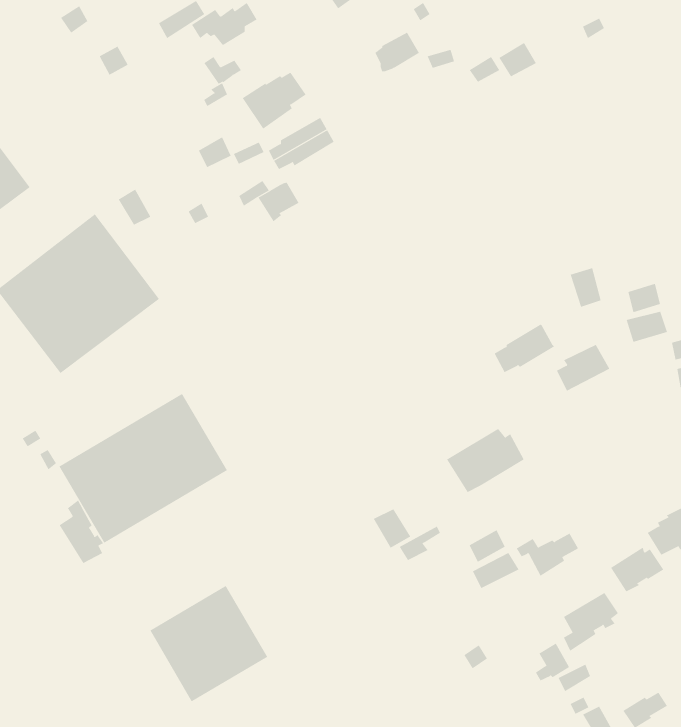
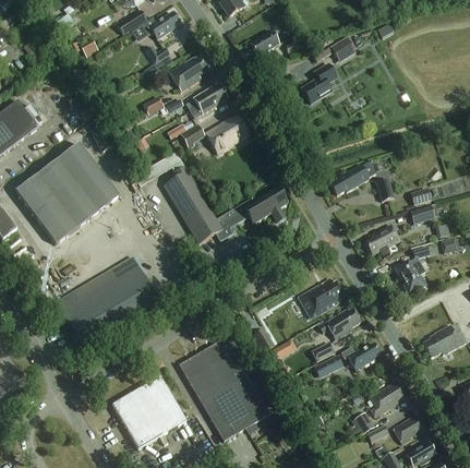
building: none -> [301,63,336,103]
building: none -> [205,115,248,153]
building: none -> [133,151,287,243]
building: [494,324,555,373] -> [329,165,367,195]
building: none -> [395,245,430,292]
building: none -> [317,307,360,338]
building: [59,500,104,564] -> none
building: none -> [180,337,269,441]
building: [610,547,664,592] -> [393,413,426,442]

